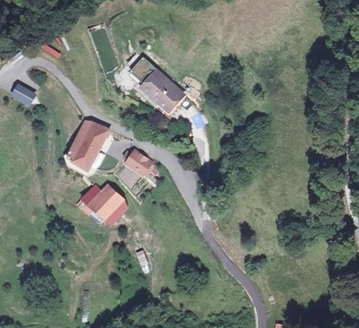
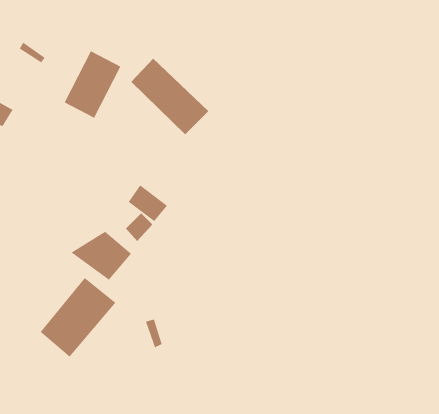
building: [68,123,111,174] -> [64,51,121,119]
building: none -> [40,277,116,357]

